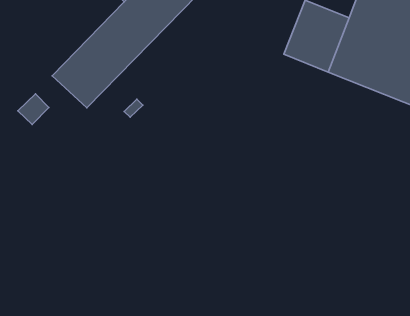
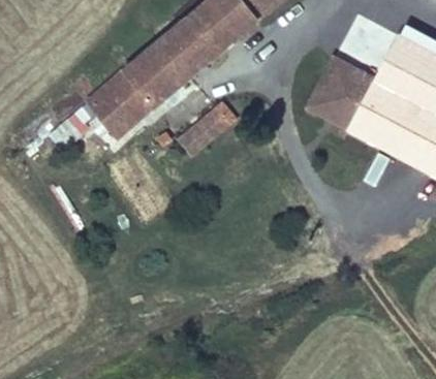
building: none -> [185,103,231,148]

